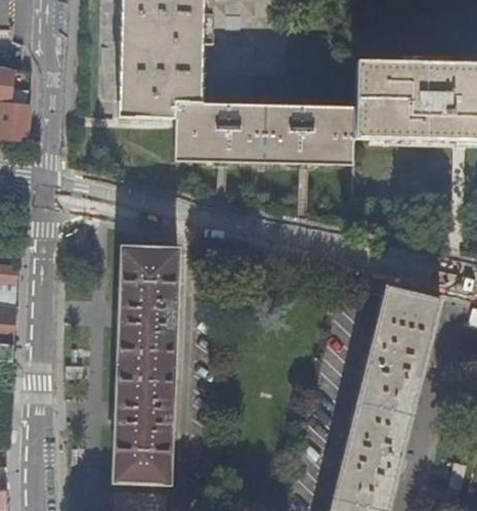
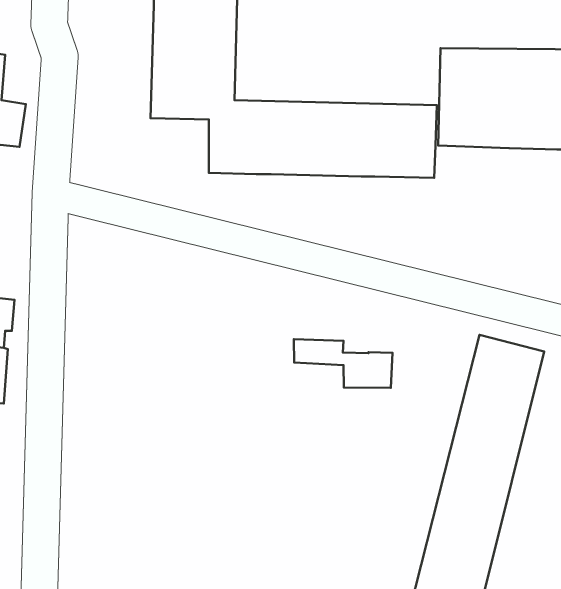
building: [115,245,178,480] -> none
building: none -> [294,339,393,388]

